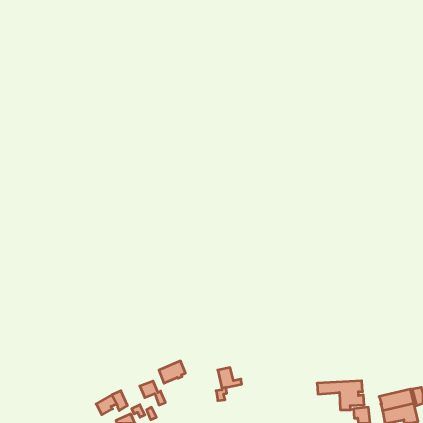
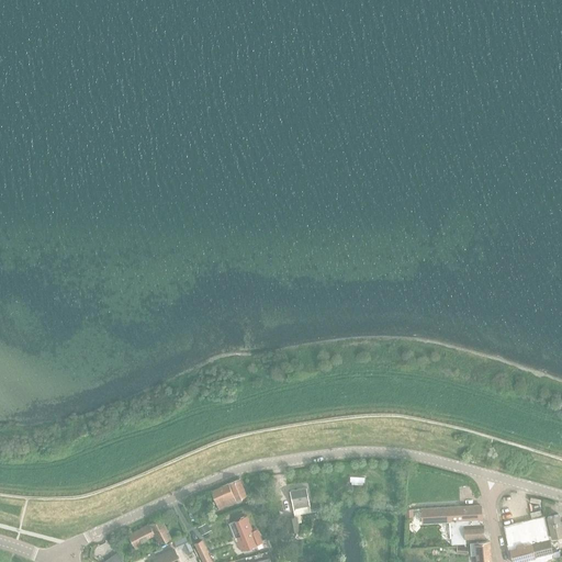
building: [140,381,165,405] -> [228,516,262,548]

